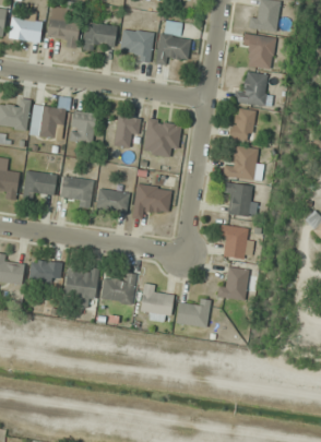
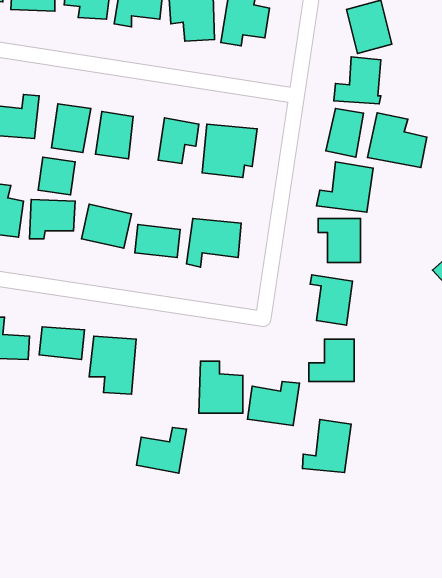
building: none -> [367,113,427,167]
building: none -> [38,157,75,195]
building: [100,273,135,304] -> [136,428,187,473]
building: none -> [303,420,351,472]

